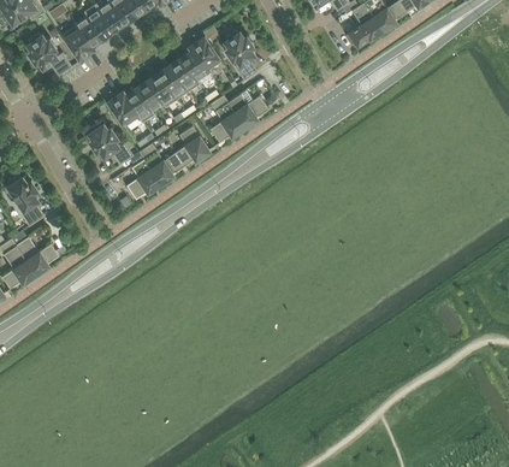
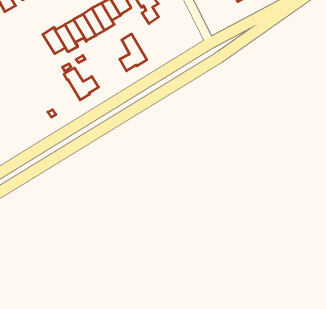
building: [227,94,268,128] -> none
building: [89,123,132,164] -> none
building: [174,126,209,166] -> none
building: [126,159,161,200] -> none

